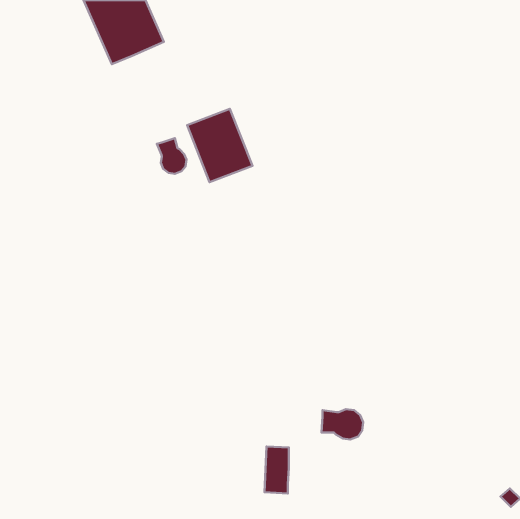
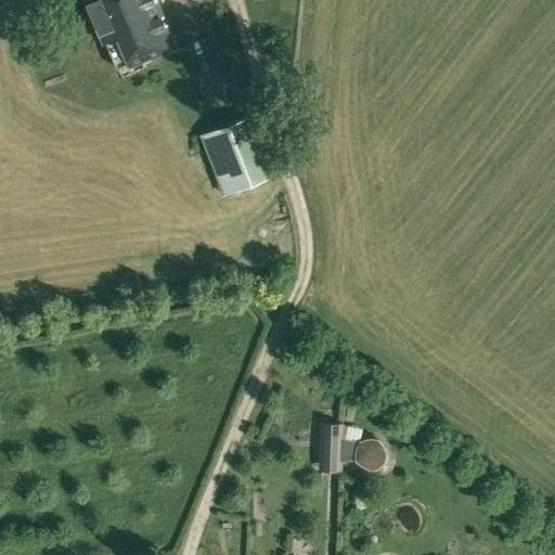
building: [157,138,186,174] -> none
building: [264,447,289,493] -> [318,422,344,472]

